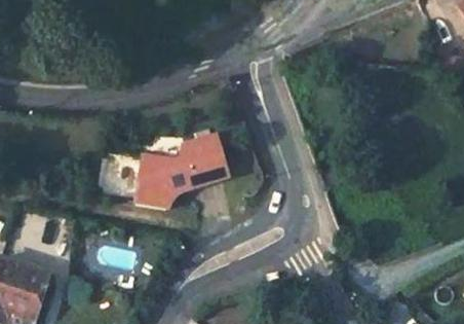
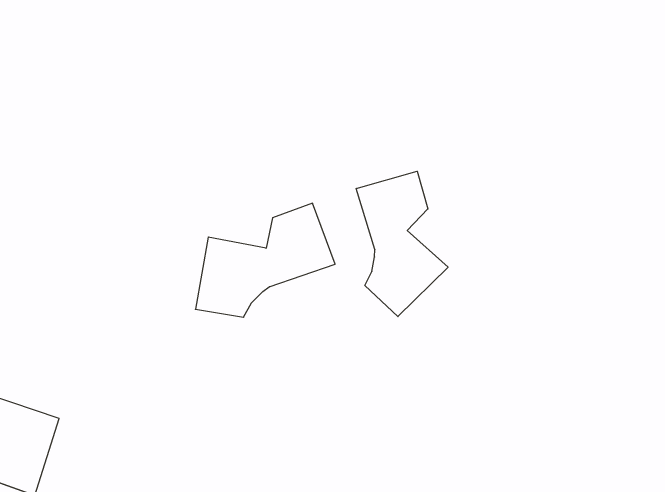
building: none -> [356,171,448,317]

